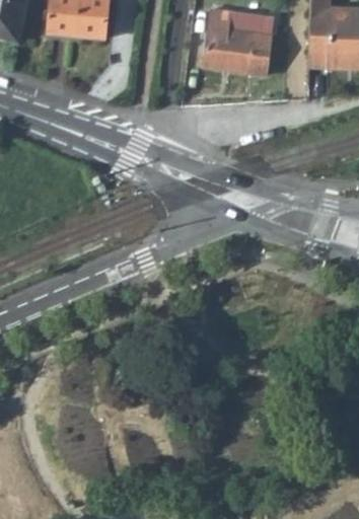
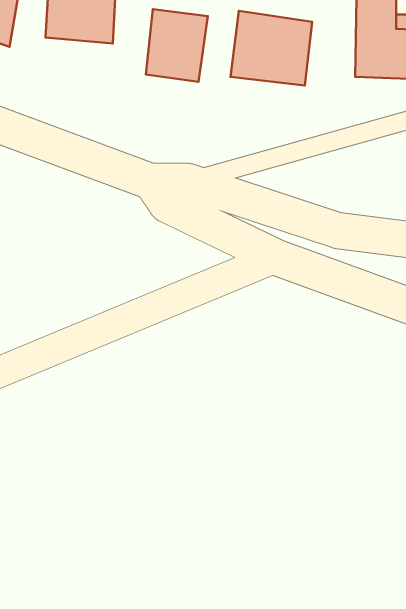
building: none -> [146,9,208,82]

